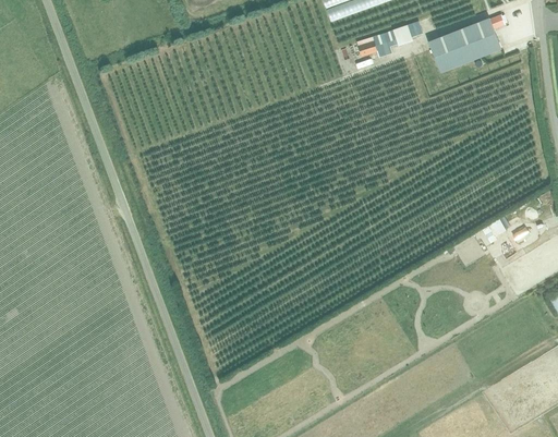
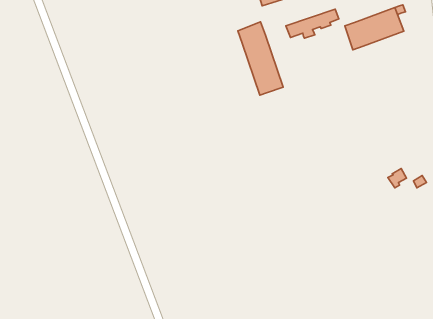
building: none -> [238,22,283,95]

